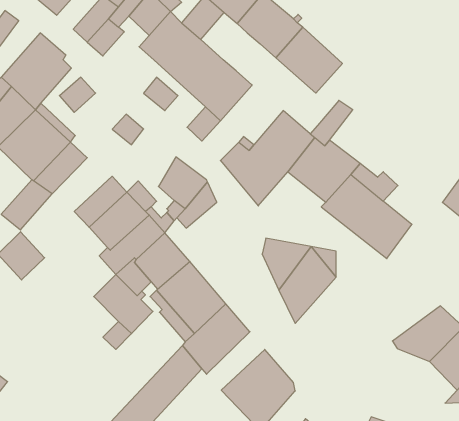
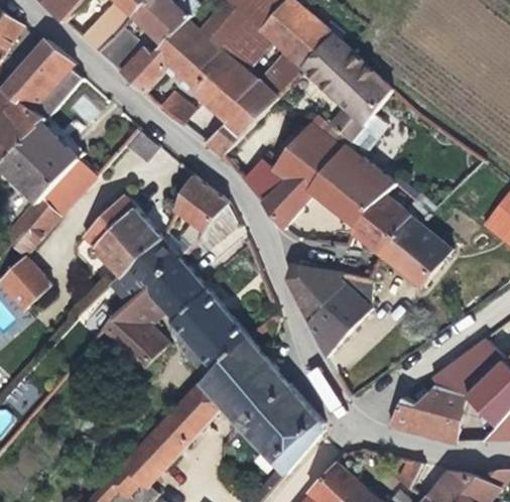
building: none -> [221,18,271,70]
building: none -> [120,46,169,94]
building: none -> [259,52,302,97]
building: none -> [330,74,393,141]
building: none -> [227,366,290,429]
building: none -> [387,384,470,444]

